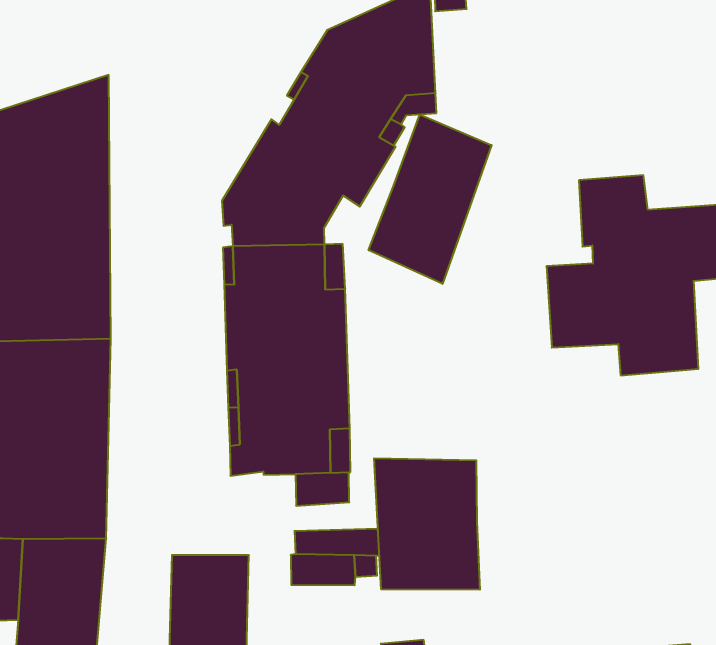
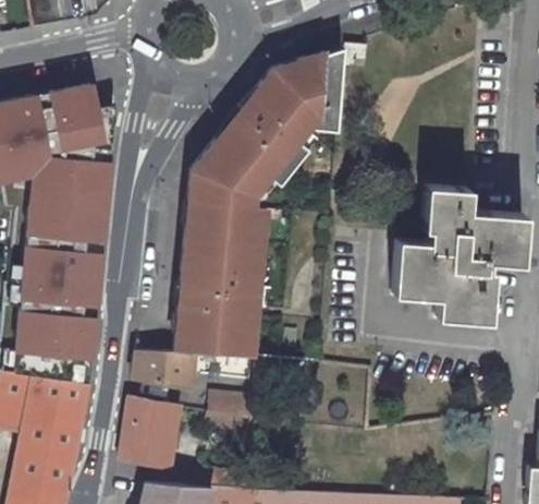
building: [369,114,492,284] -> none
building: [374,458,480,590] -> none
building: none -> [133,351,196,386]

